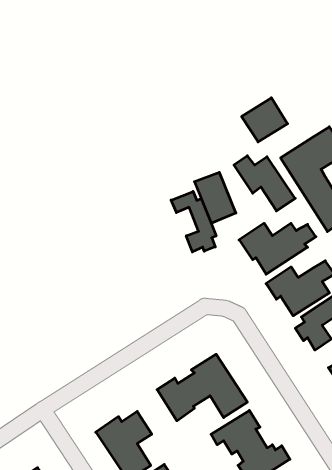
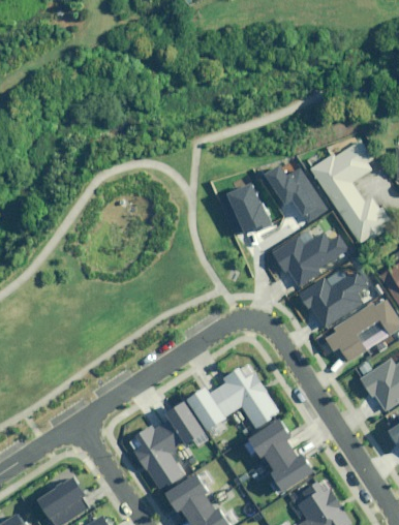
building: [242,98,288,142] -> none
building: [171,191,216,252] -> none
building: none -> [166,404,209,450]

